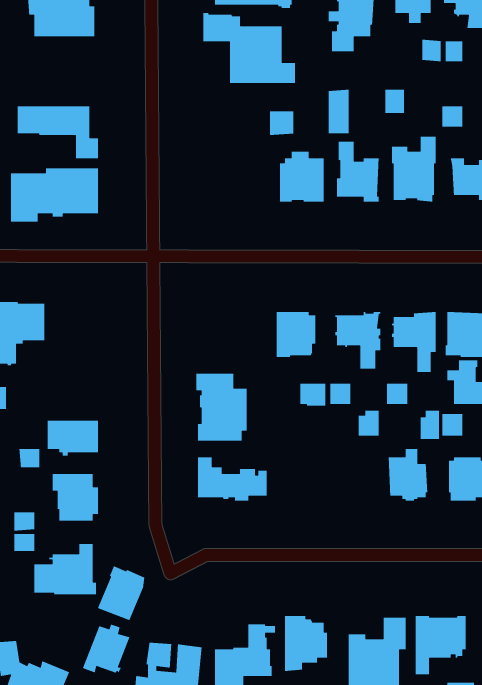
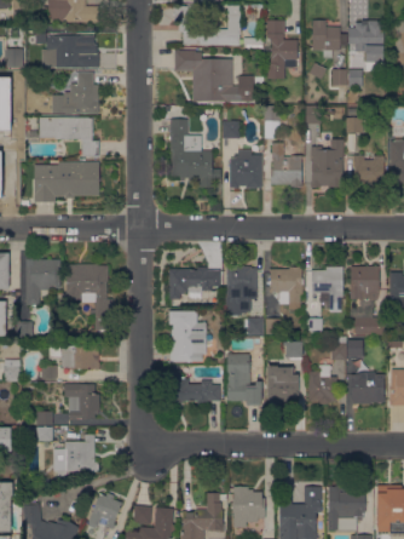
building: none -> [52,73,99,114]
building: none -> [171,120,221,188]
building: none -> [63,264,112,329]
building: none -> [169,268,221,300]
building: none -> [227,354,261,405]
building: none -> [269,366,300,403]
building: [97,565,145,621] -> none

